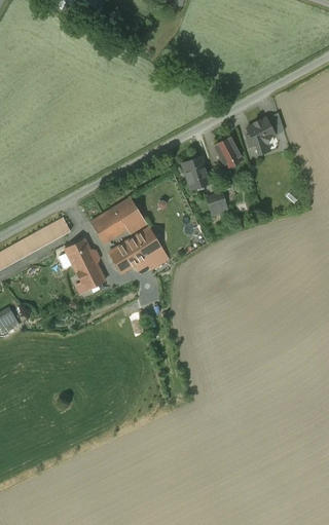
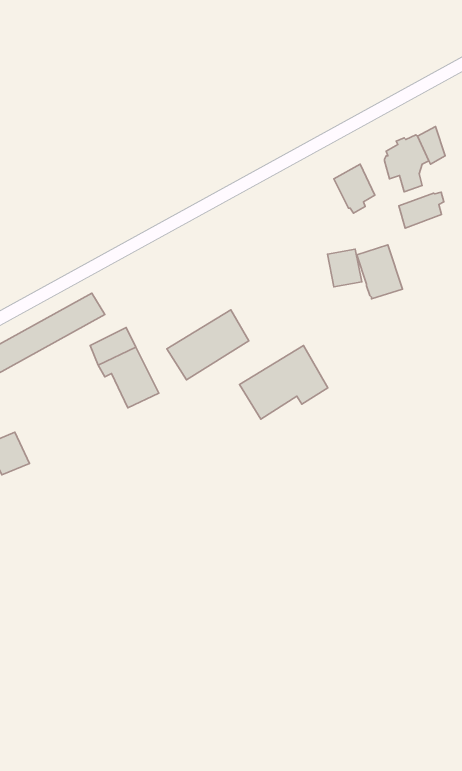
building: none -> [399,192,444,228]
building: [181,156,210,190] -> [357,245,403,299]
building: [90,197,146,243] -> [240,345,328,419]

